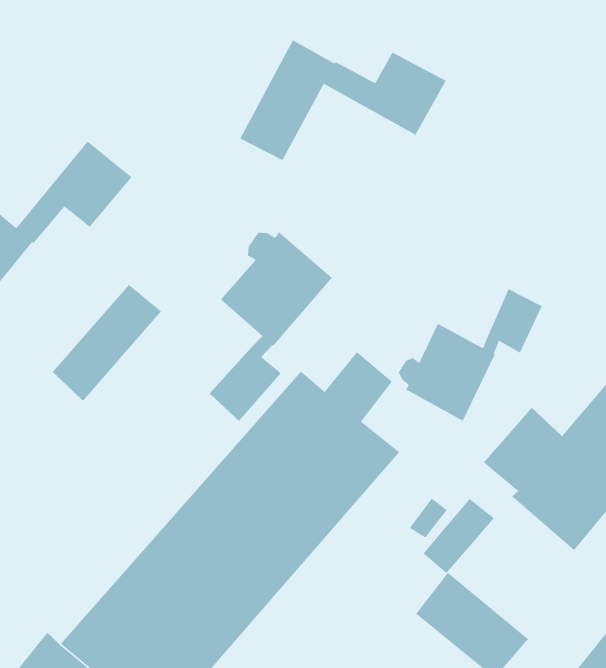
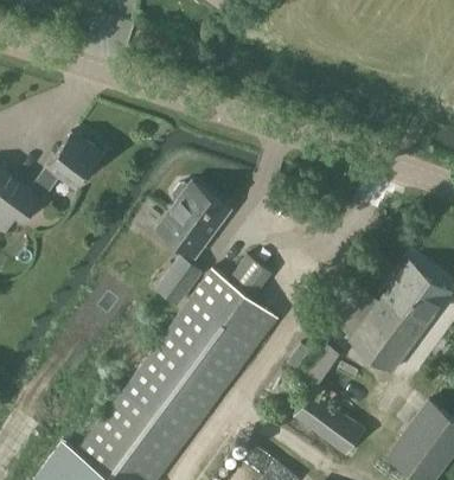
building: [239,39,447,161] -> none
building: [52,284,162,401] -> none
building: [398,288,543,422] -> none

